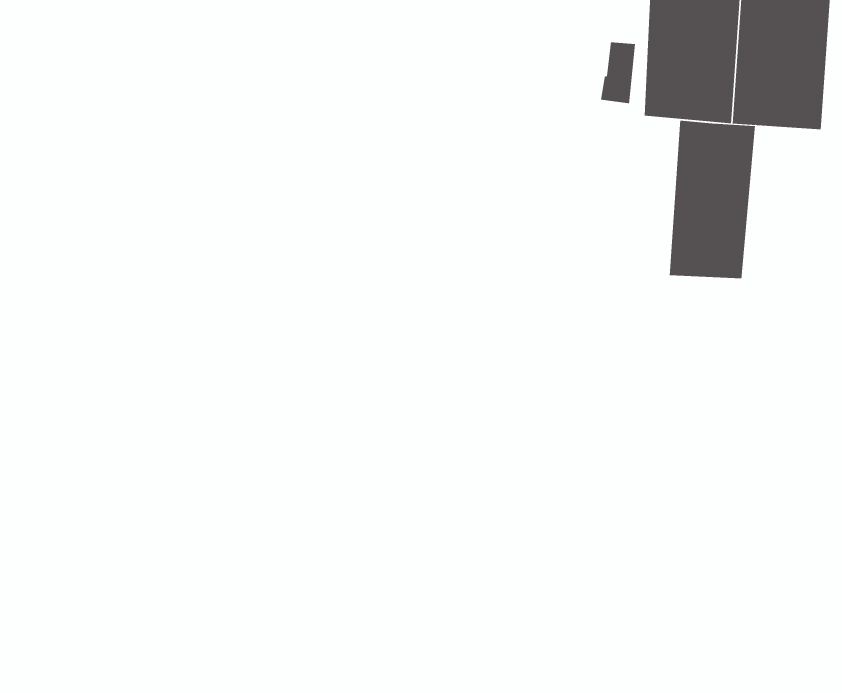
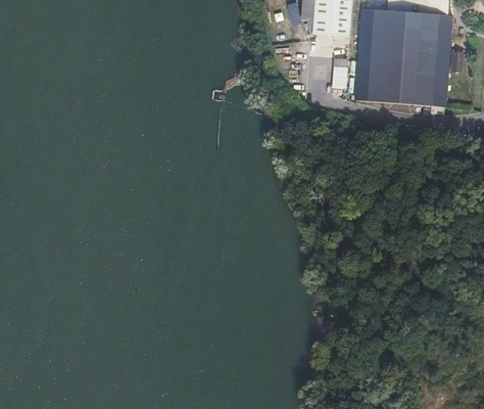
building: [669,120,756,279] -> none

